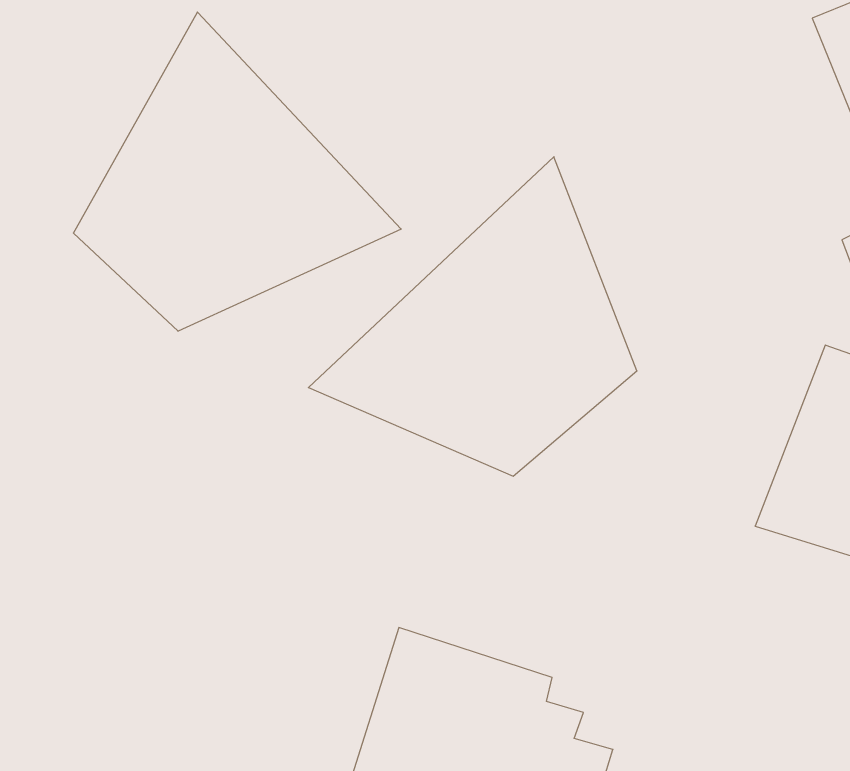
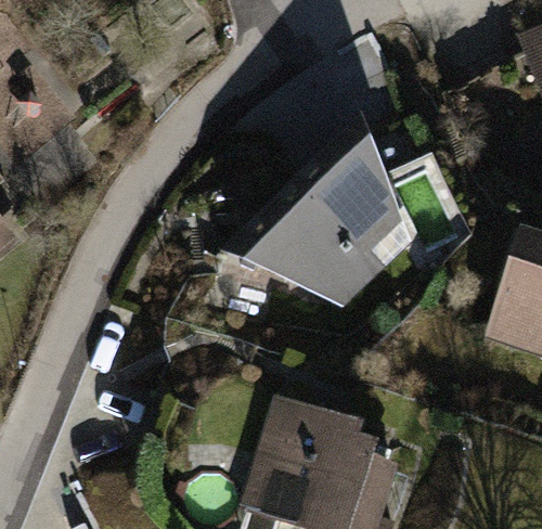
building: [73,12,401,331] -> none

